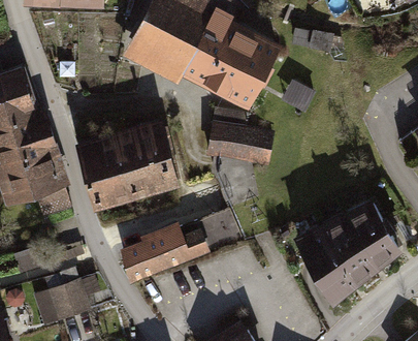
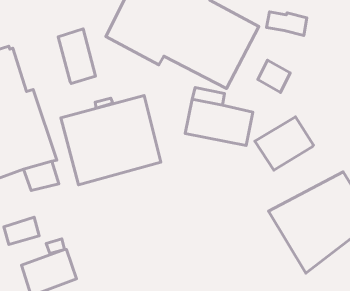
building: none -> [58,29,96,83]
building: none -> [255,117,313,170]
building: [119,212,243,285] -> none

